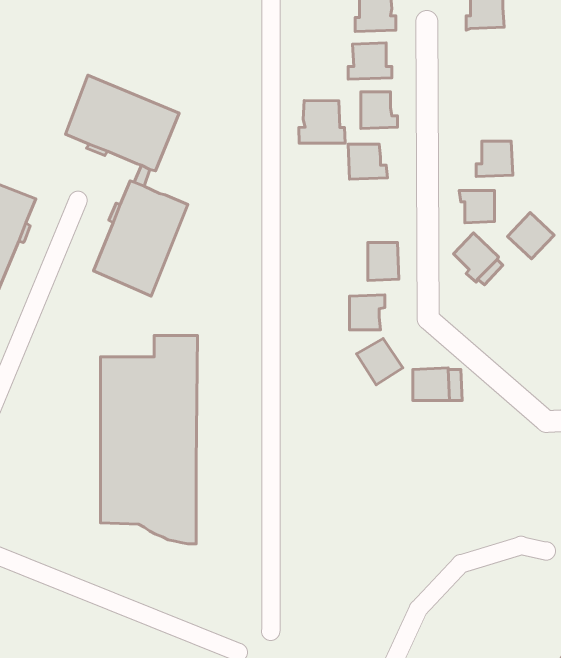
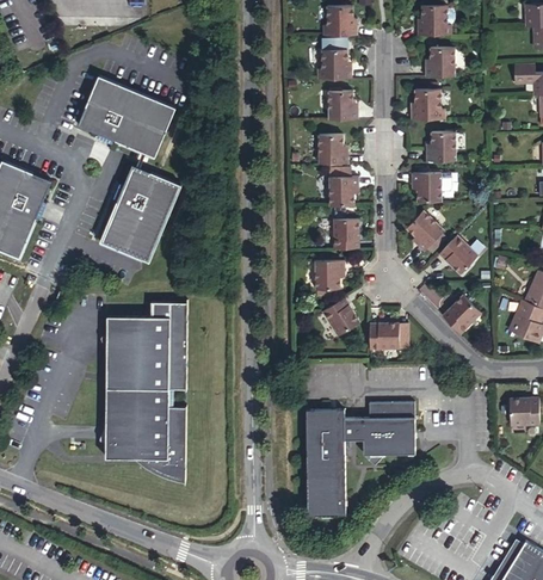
building: none -> [422,48,453,78]
building: none -> [408,88,445,119]
building: [299,101,345,143] -> none
building: none -> [326,167,358,208]
building: [508,213,554,259] -> [438,235,477,274]
building: none -> [444,295,483,334]
building: none -> [307,402,415,514]

